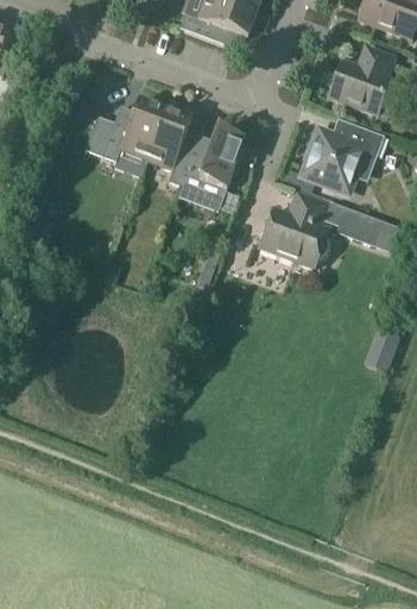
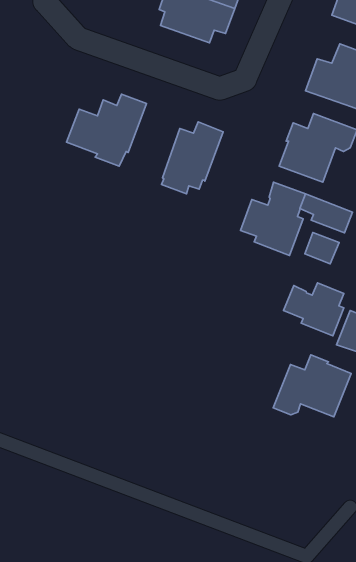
building: [146,109,200,187] -> none
building: none -> [305,232,339,264]
building: none -> [284,283,344,336]
building: none -> [273,355,351,417]

